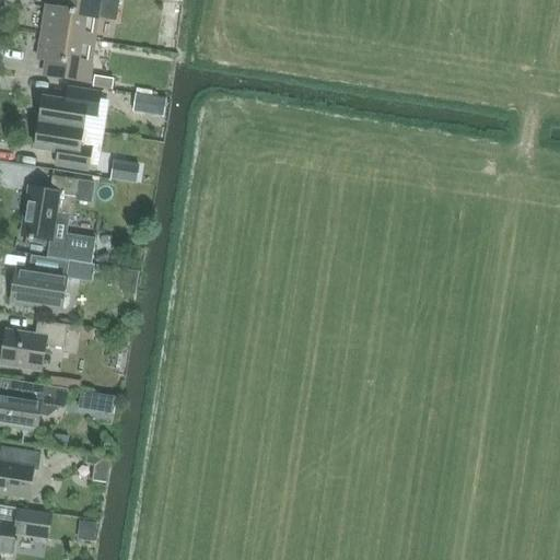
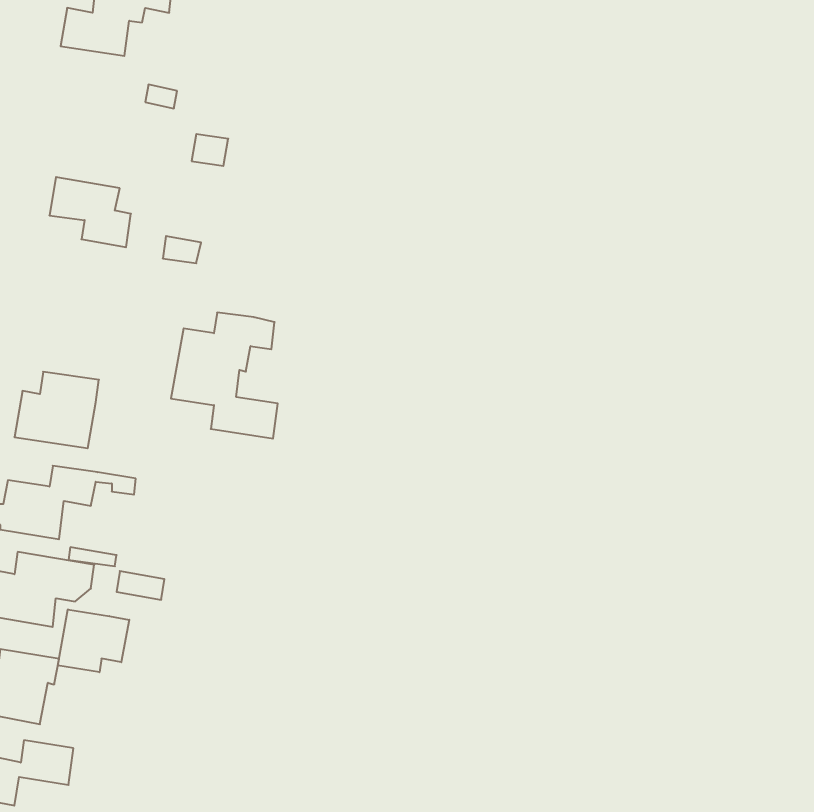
building: [38,32,90,81] -> none
building: [38,86,100,129] -> none
building: [20,175,93,261] -> [171,313,278,439]
building: none -> [58,609,129,672]

